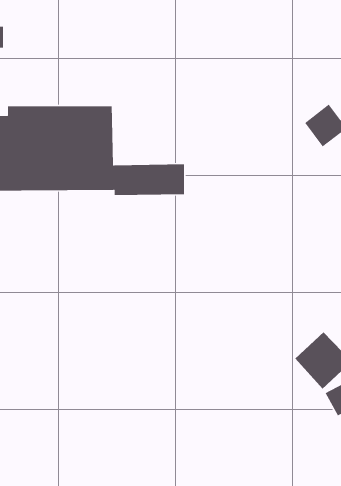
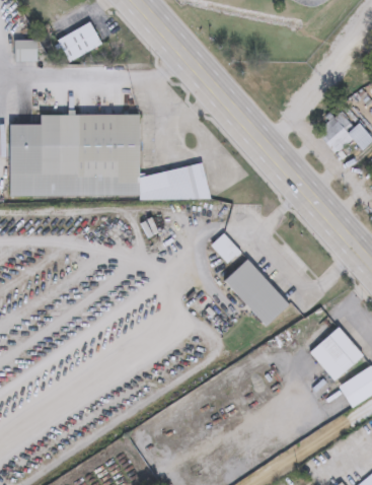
building: none -> [58,21,102,62]
building: none -> [211,233,241,264]
building: none -> [224,259,289,326]

